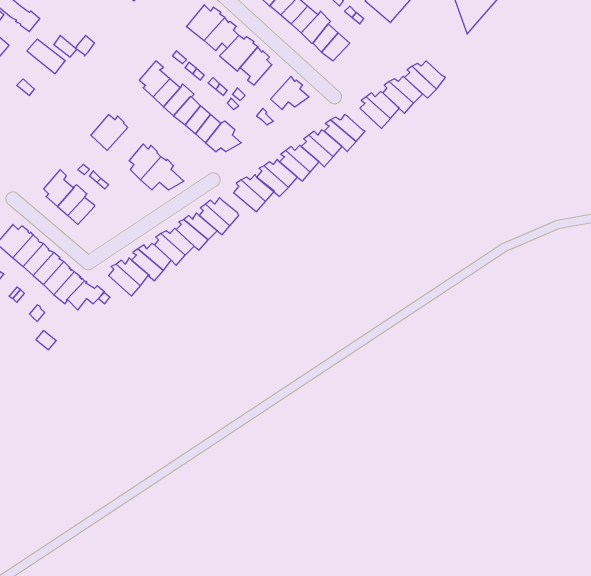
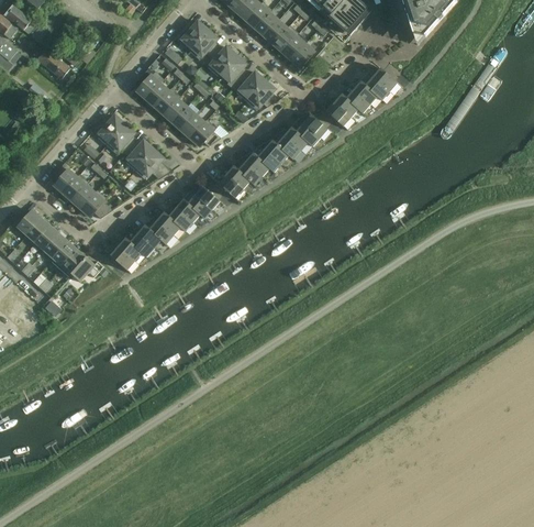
building: none -> [233,72,265,101]
building: none -> [107,125,137,154]
building: none -> [81,190,113,219]

